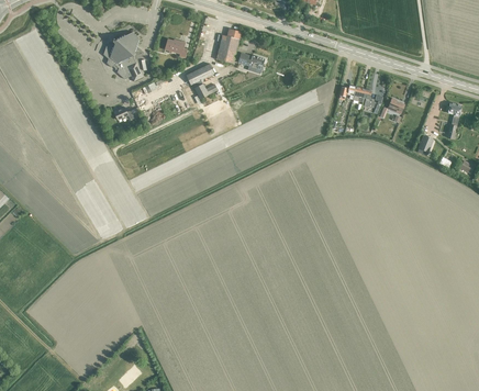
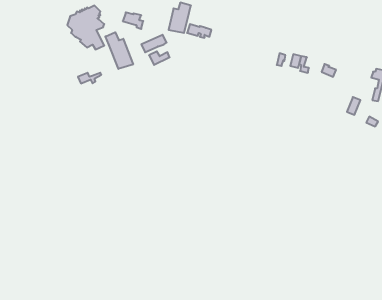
building: none -> [105,32,133,69]

